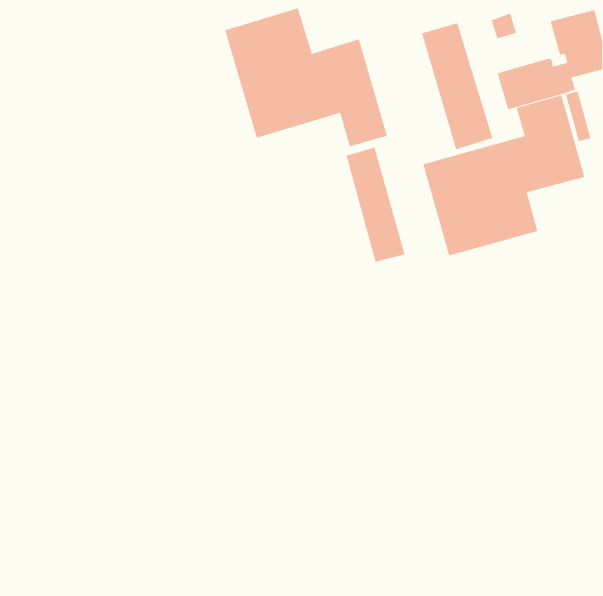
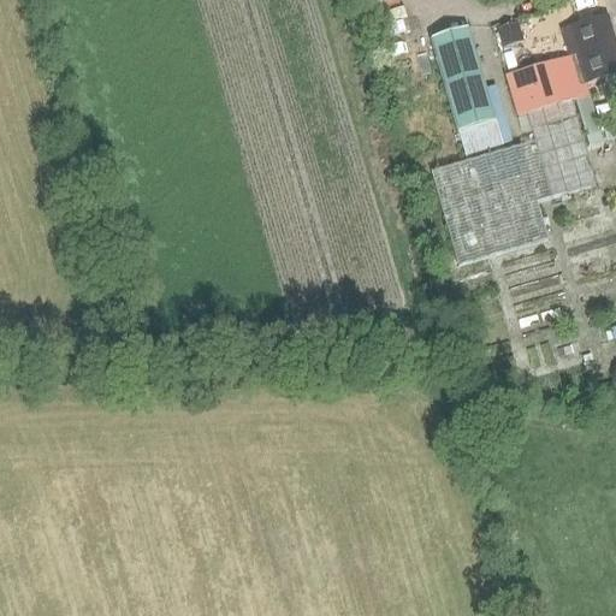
building: [225,8,388,147] -> none
building: [346,147,405,263] -> none

